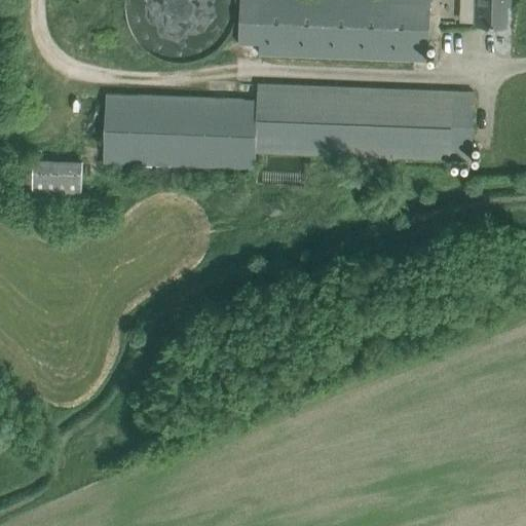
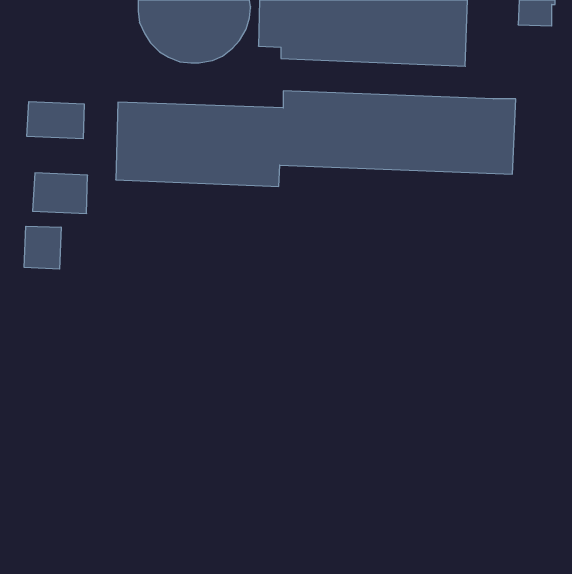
building: none -> [27,102,84,139]
building: none -> [24,226,61,269]

